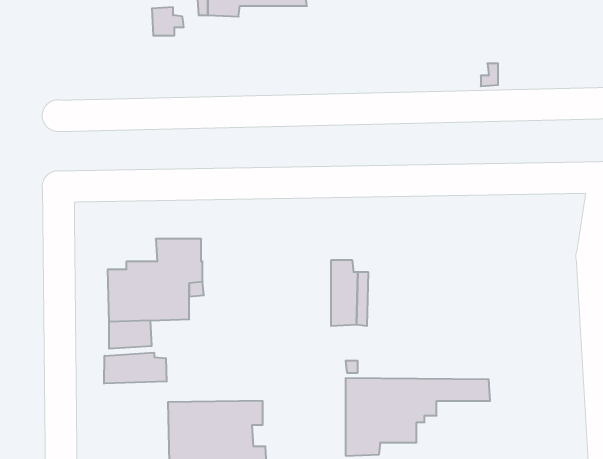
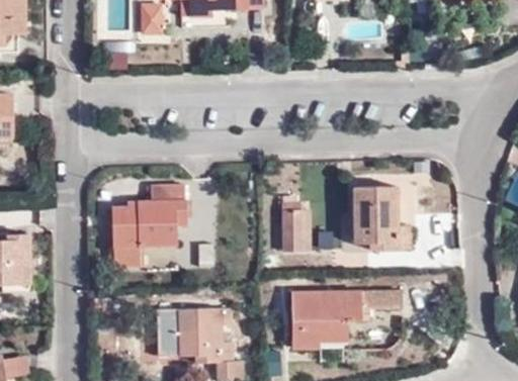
building: none -> [352,187,411,250]
building: [104,353,167,384] -> none

